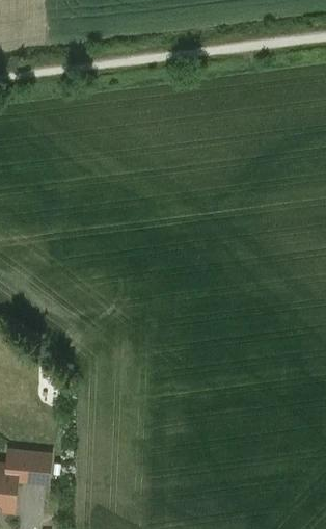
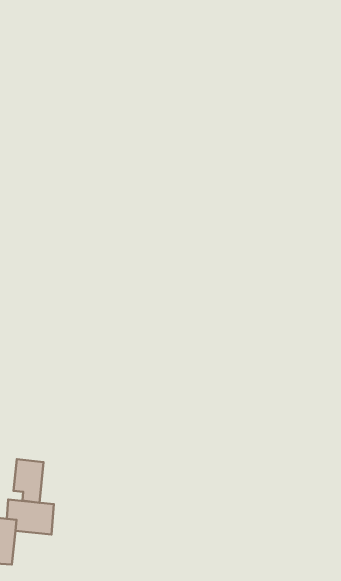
building: none -> [14,459,43,503]

